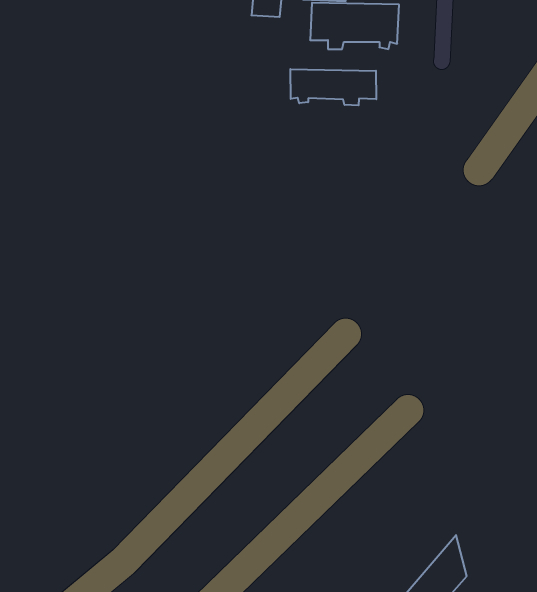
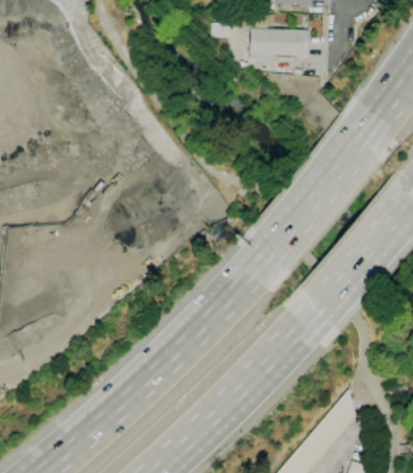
building: [290,69,376,105] -> none

